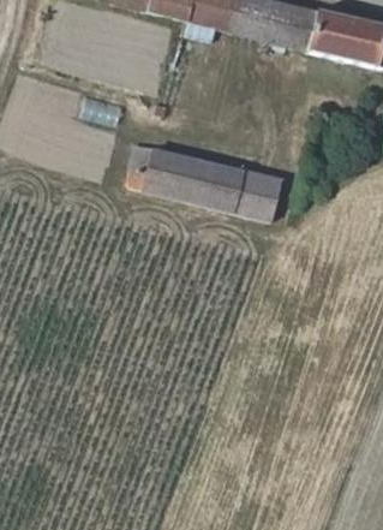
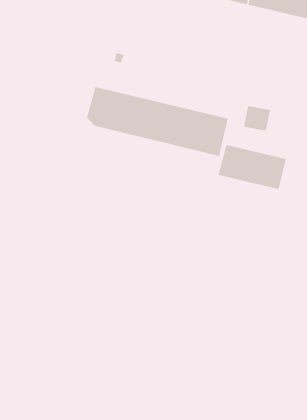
building: none -> [218,144,286,190]

